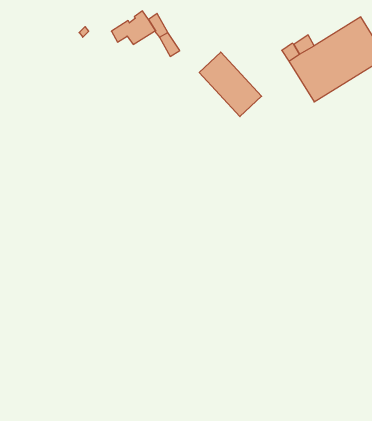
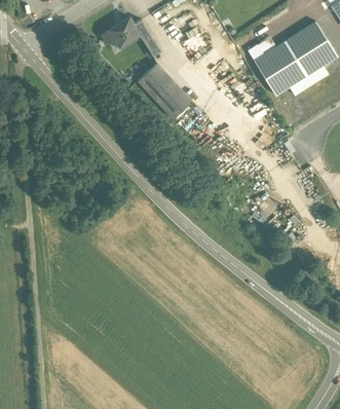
building: [199,52,262,117] -> [137,63,190,118]

